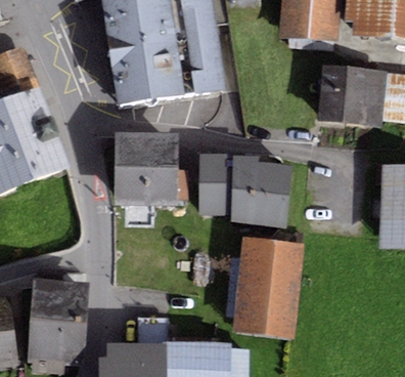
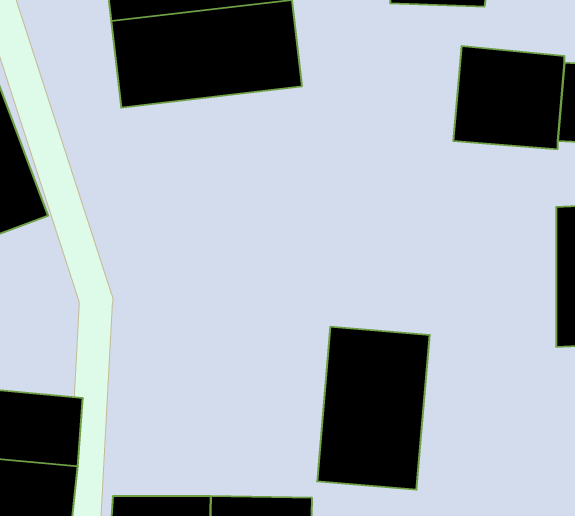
building: [114,132,177,204] -> none
building: [195,153,295,227] -> none

